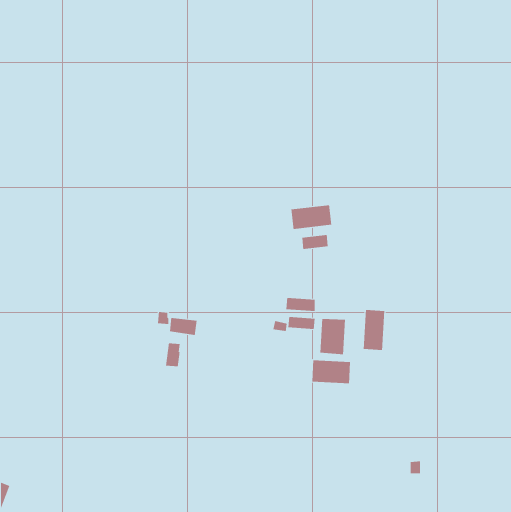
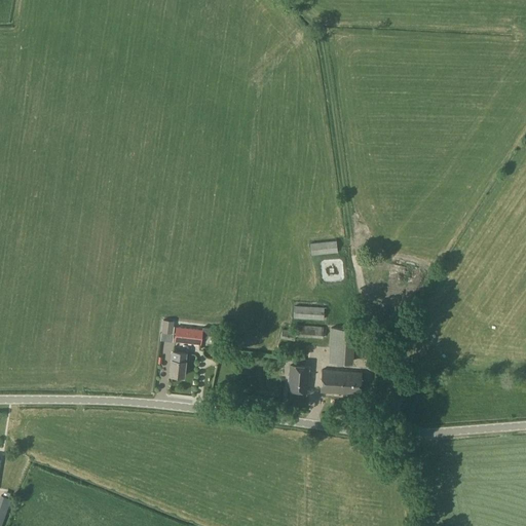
building: [291,204,332,230] -> none
building: [363,309,385,351] -> none
building: none -> [289,364,310,390]

